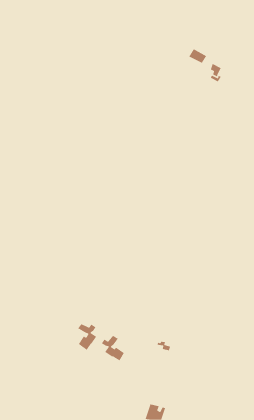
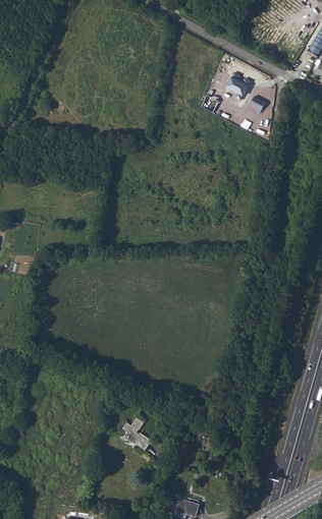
building: [77,323,97,351] -> none

